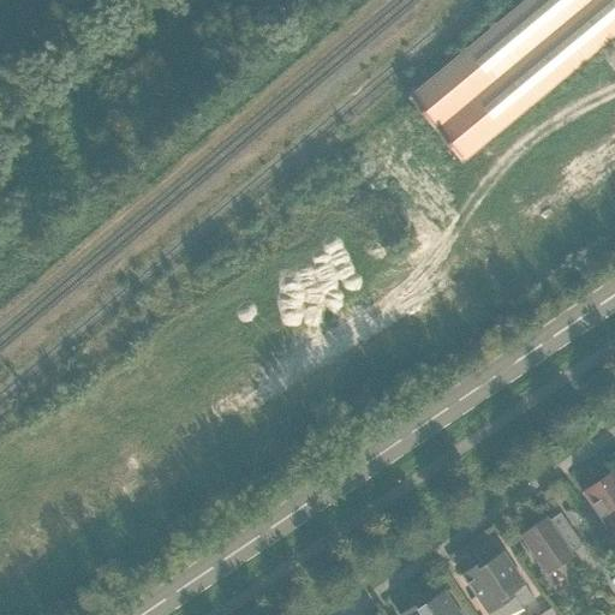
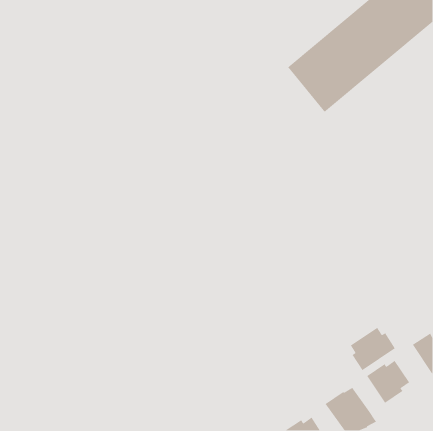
building: none -> [350,327,396,371]

